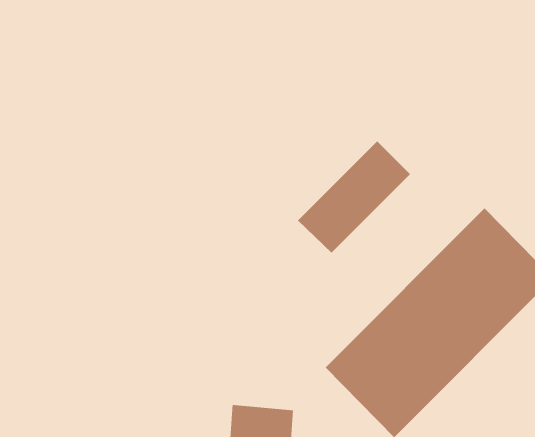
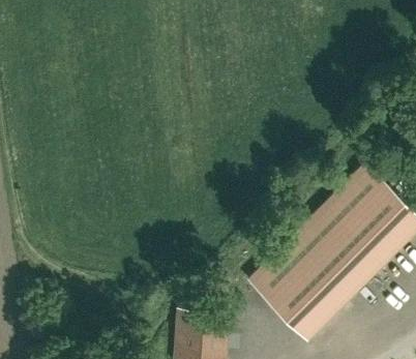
building: [297,141,411,254] -> none

